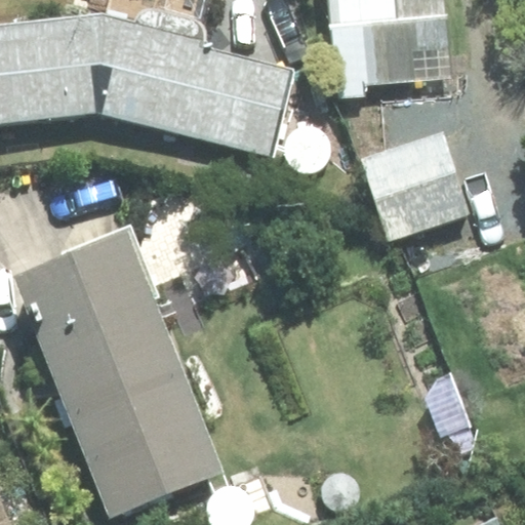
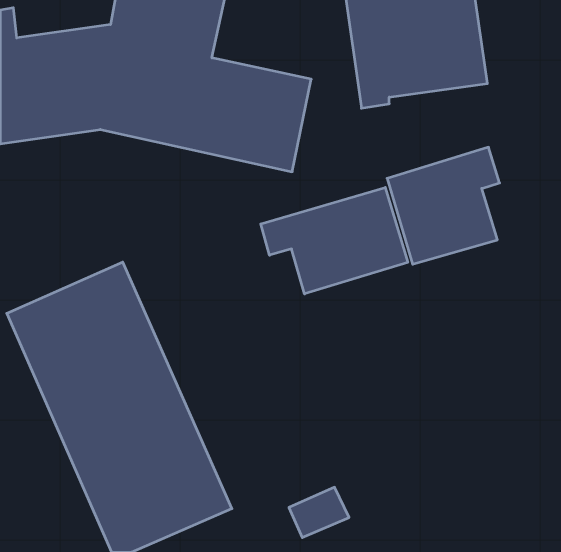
building: none -> [261,187,408,294]

